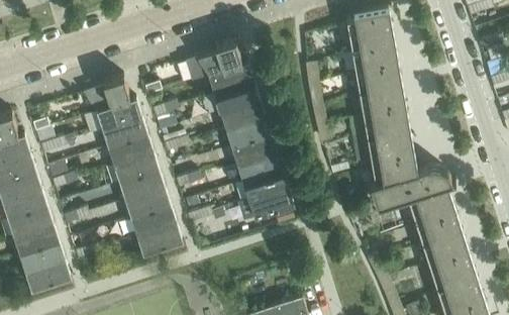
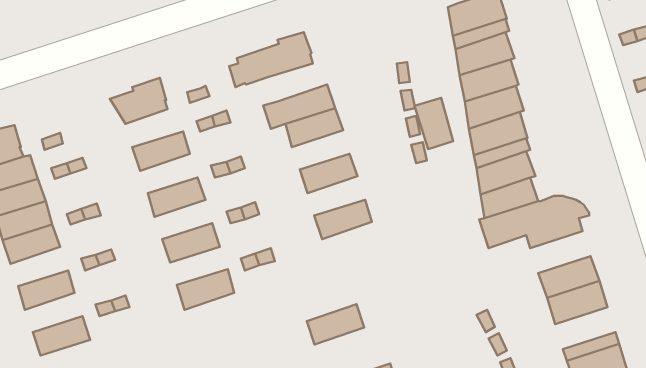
building: [209,64,253,95] -> none
building: none -> [415,98,453,149]
building: [98,100,142,130] -> none
building: [226,117,271,147] -> none
building: [109,135,154,166] -> none
building: [238,152,283,183] -> none
building: [120,171,165,201] -> none
building: [249,188,294,219] -> [307,304,364,345]
building: [410,195,456,227] -> none
building: [9,207,54,237] -> none
building: [132,207,177,236] -> none
building: [20,242,65,273] -> none
building: [429,253,476,286] -> none

